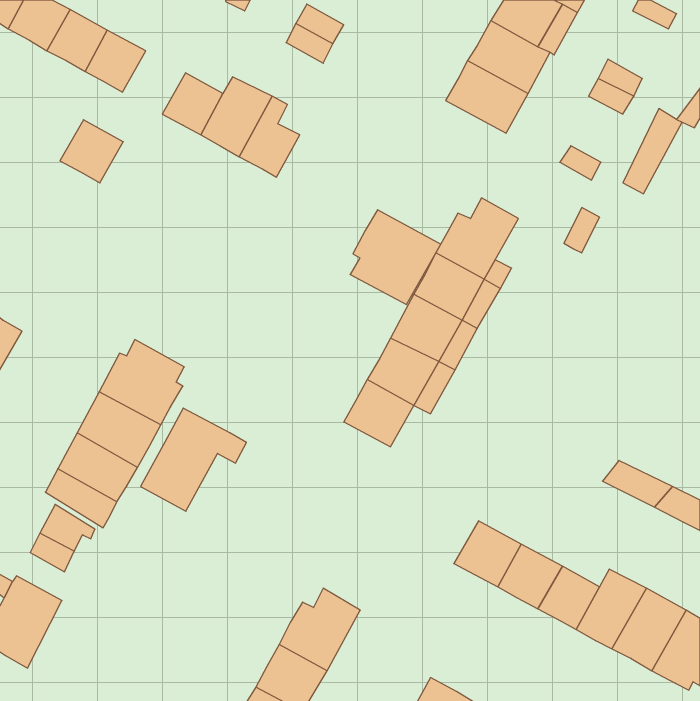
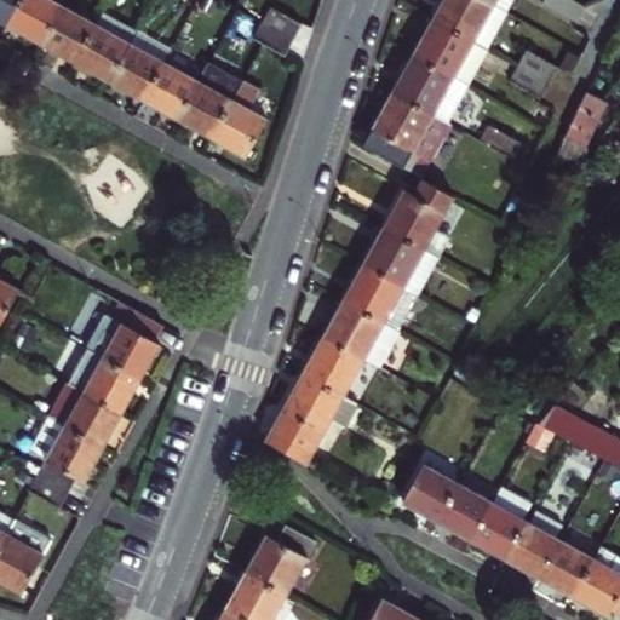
building: [60,120,123,183] -> [108,46,163,102]
building: [350,210,441,305] -> [368,90,448,173]
building: [141,408,246,511] -> [265,373,358,464]

